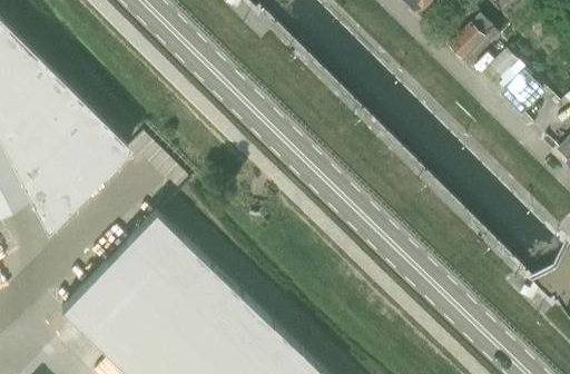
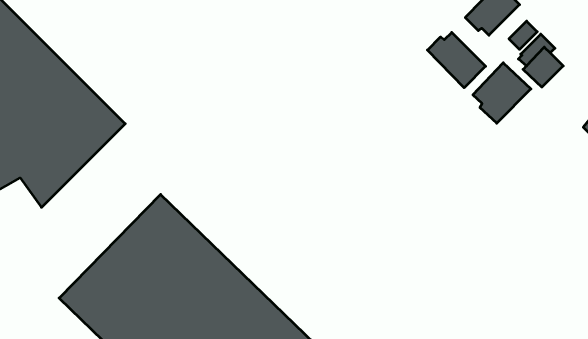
building: none -> [427,32,486,88]
building: none -> [473,63,531,123]

